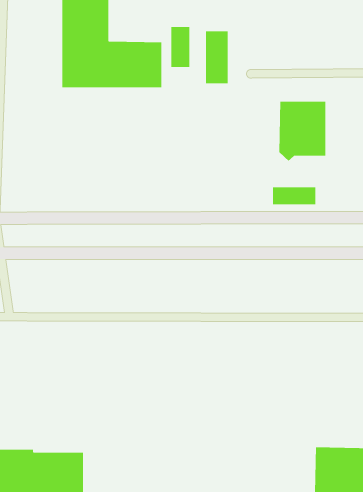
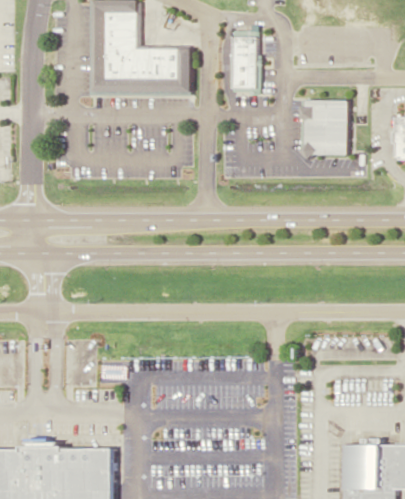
building: [171,26,190,68] -> none
building: [272,187,316,205] -> none

